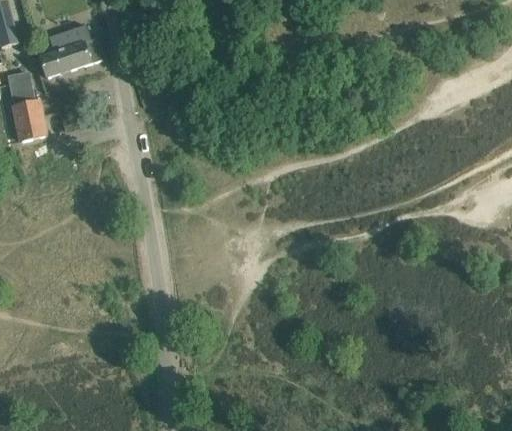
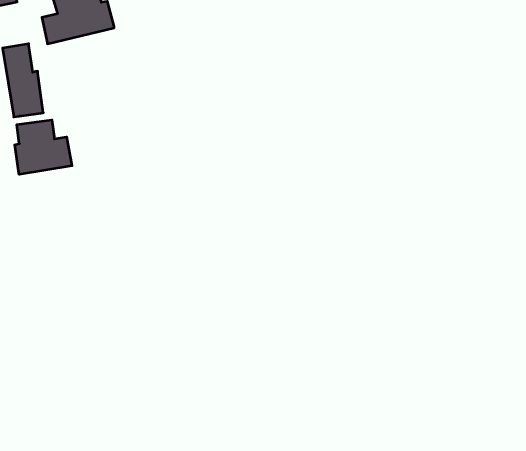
building: none -> [15,120,72,174]

